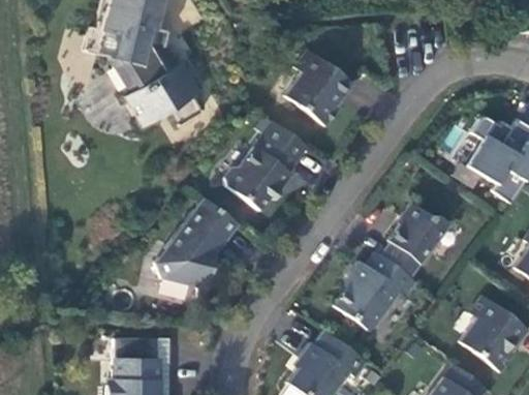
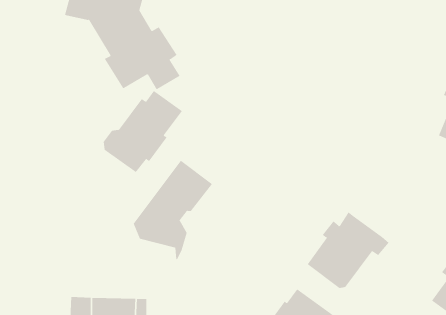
building: [287,50,355,126] -> none
building: [226,124,308,209] -> [103,90,183,173]
building: [381,202,450,276] -> none

